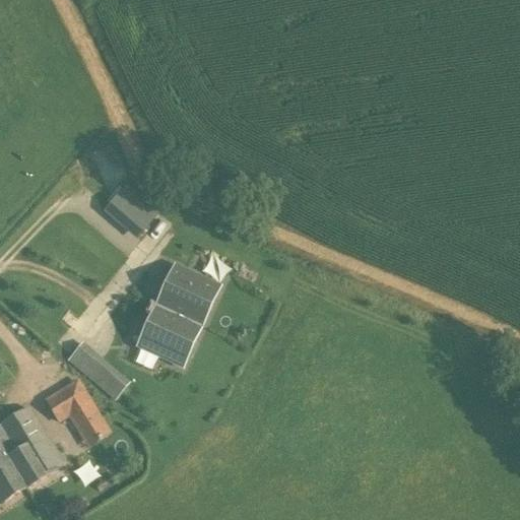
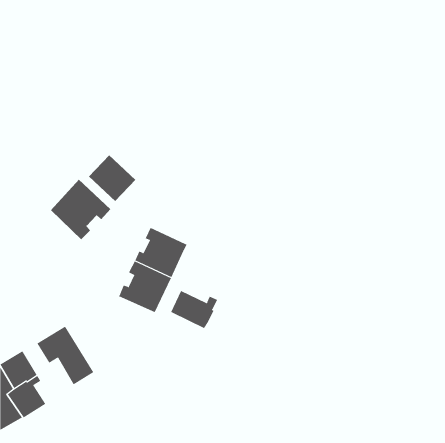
building: none -> [50,179,111,241]
building: none -> [170,290,218,329]
building: [67,337,129,396] -> none

